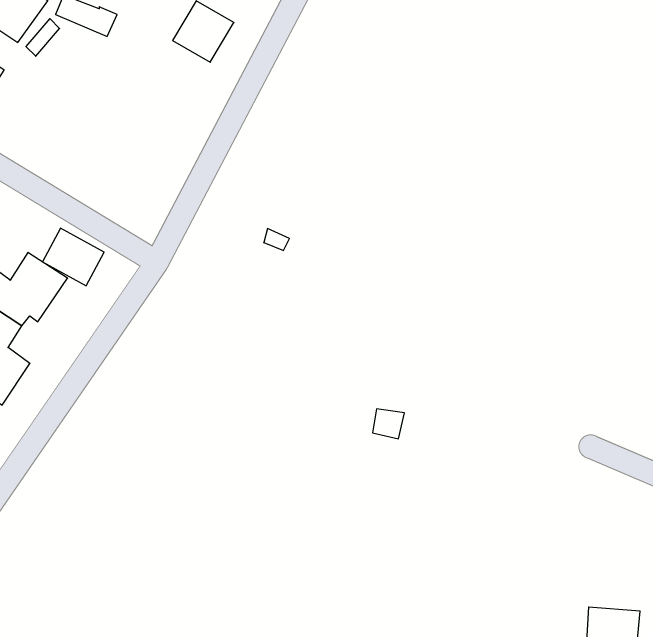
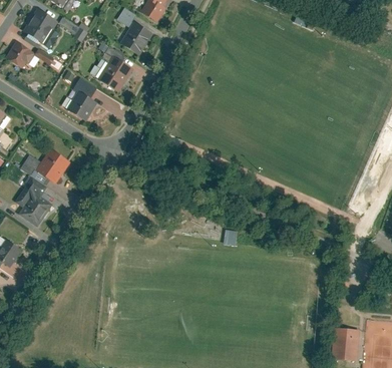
building: none -> [101,55,134,90]
building: [43,228,104,286] -> [68,90,99,119]

